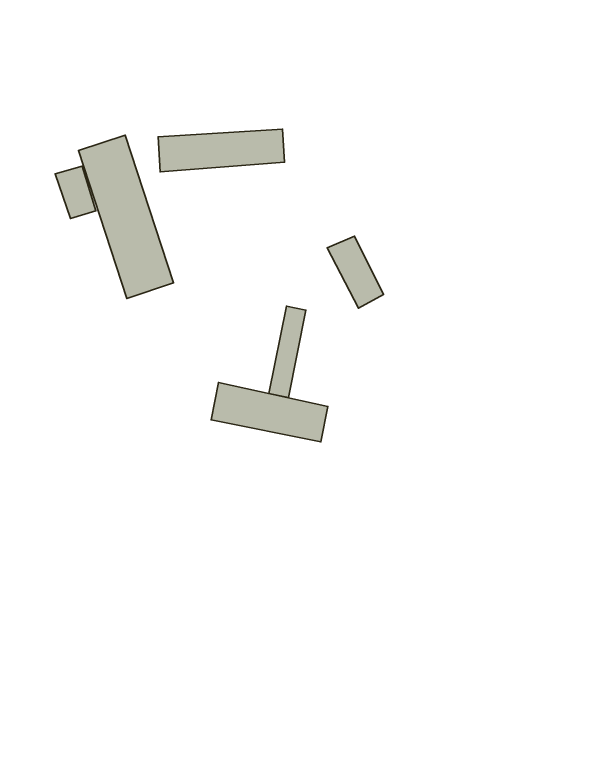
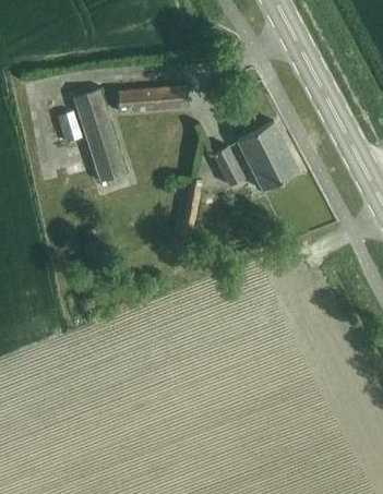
building: none -> [238,121,300,190]
building: [211,383,328,442] -> none

